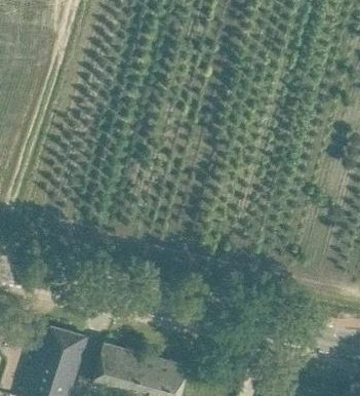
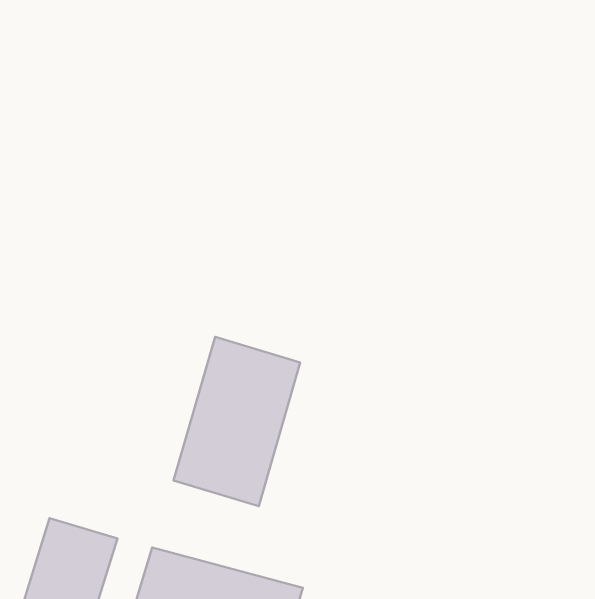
building: none -> [174,337,300,506]

